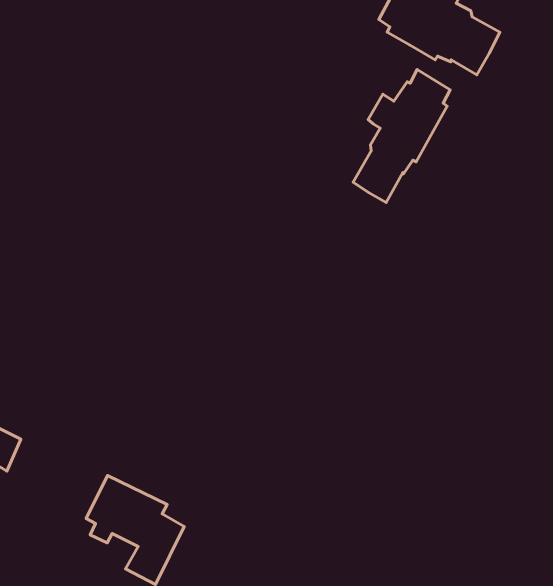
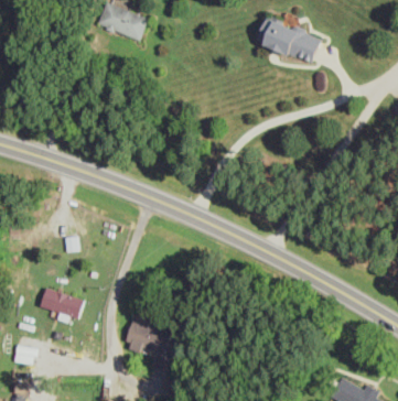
building: [353,70,450,202] -> none

